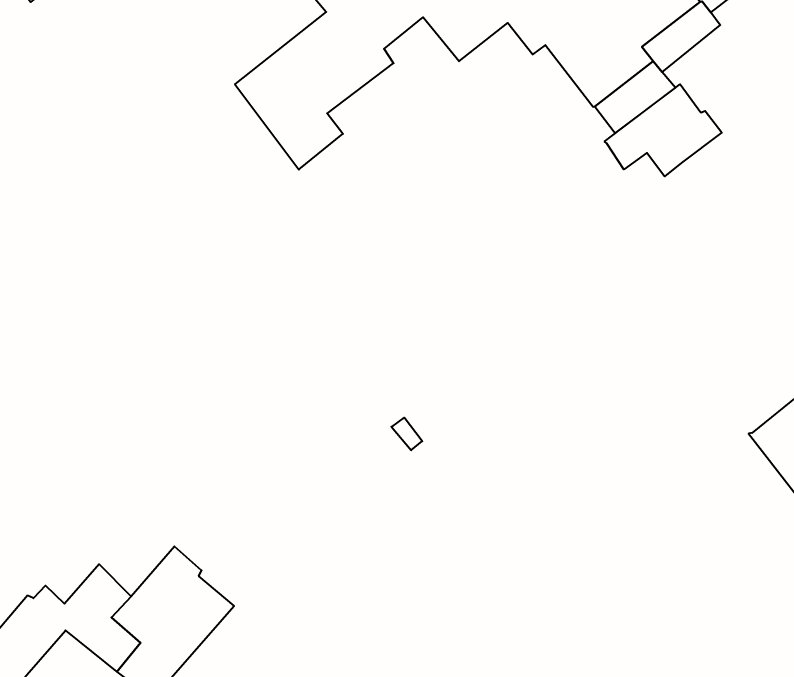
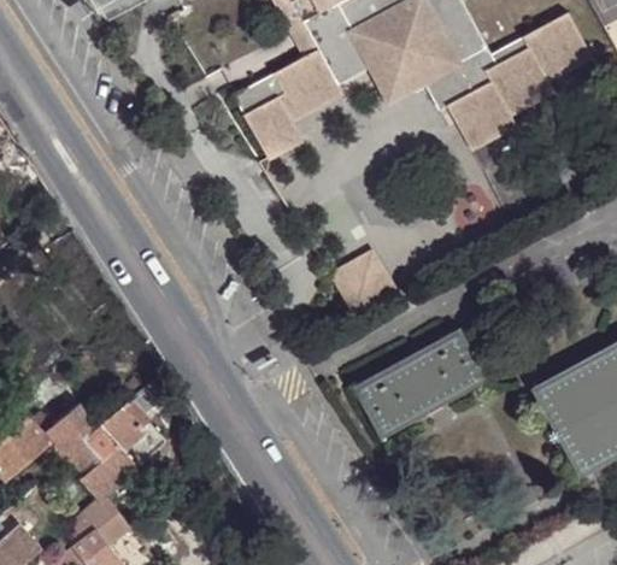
building: [605,84,722,176] -> none
building: none -> [325,243,395,310]
building: none -> [360,336,492,440]

